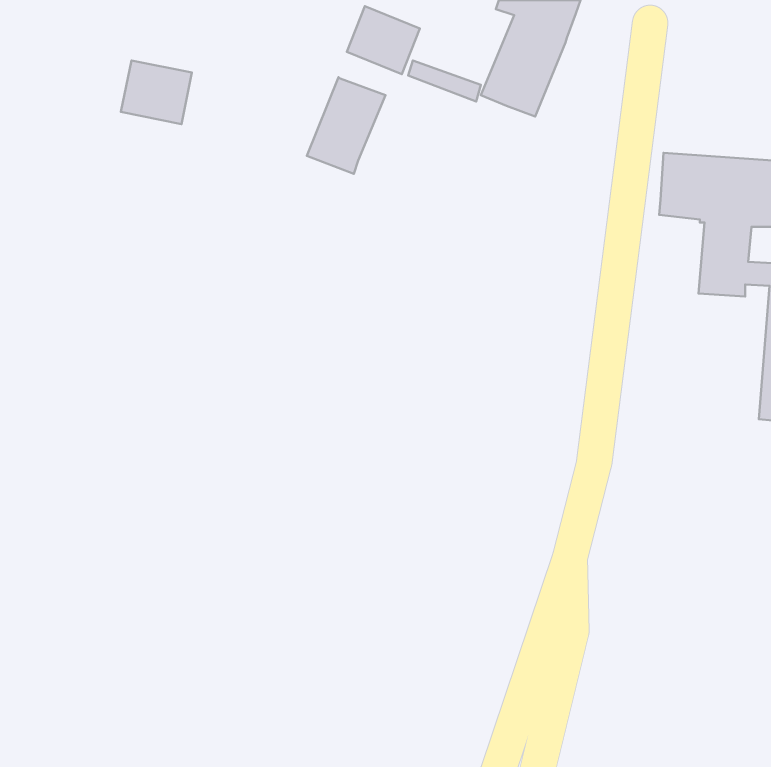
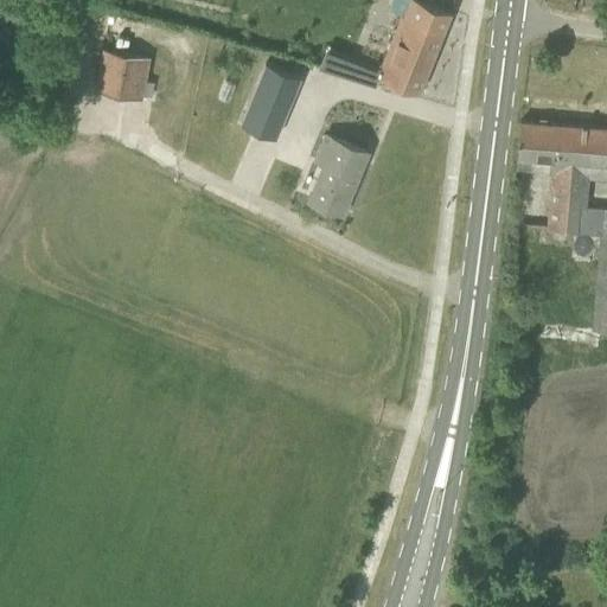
building: [347,6,420,74] -> none
building: none -> [312,139,370,216]

